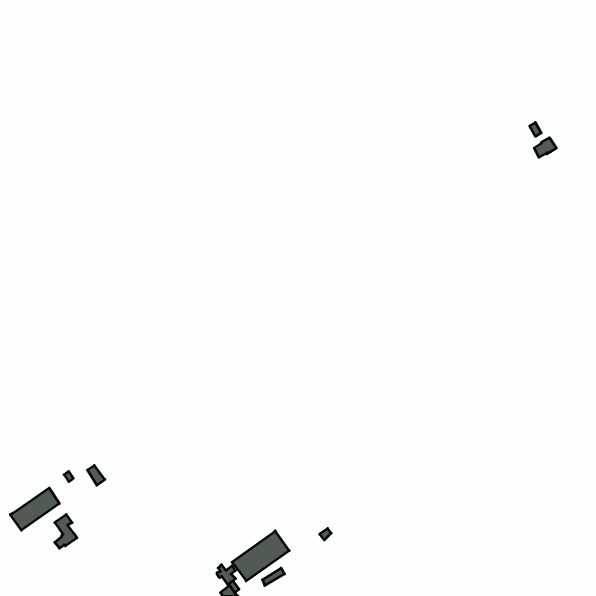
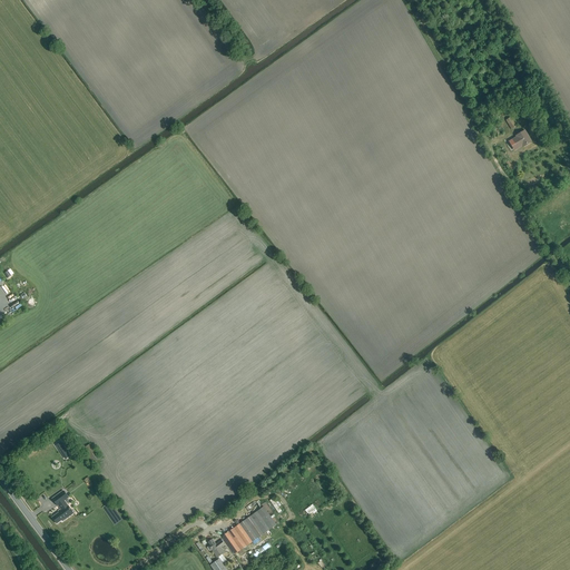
building: [10,488,59,530] -> none

